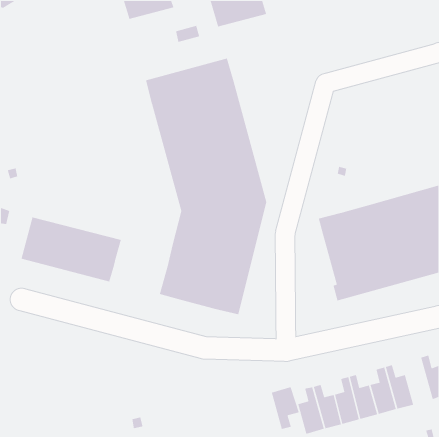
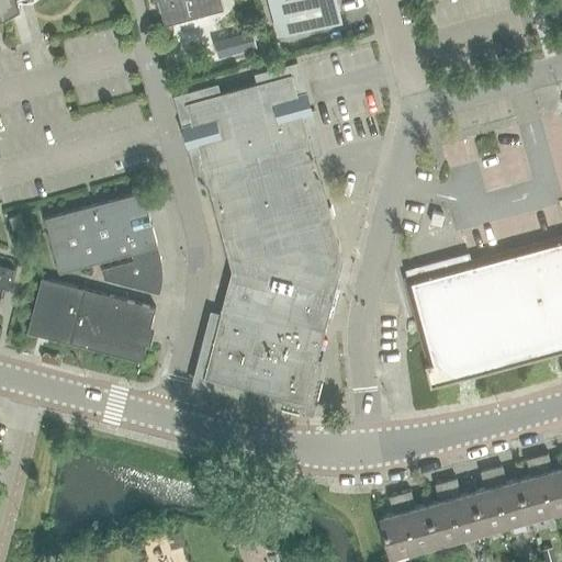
building: none -> [45,193,162,294]
building: none -> [518,459,552,520]
building: [271,386,300,430] -> none

